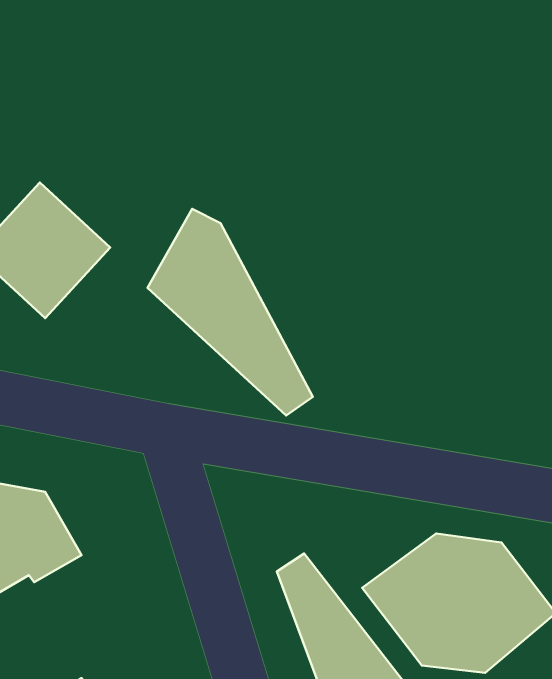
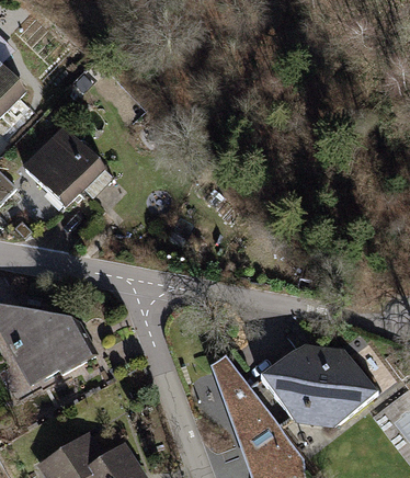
building: [148,209,313,415] -> none

